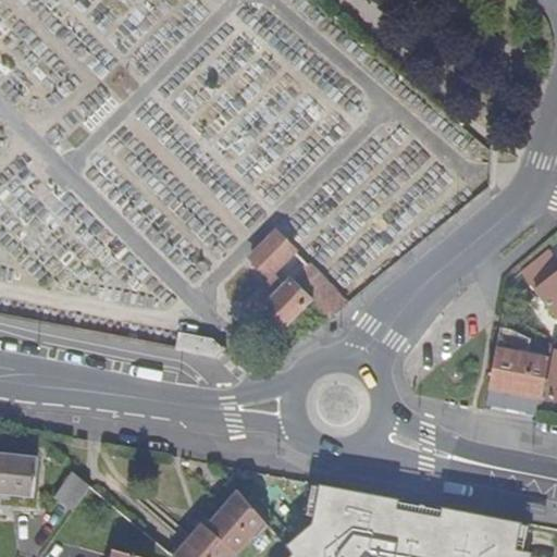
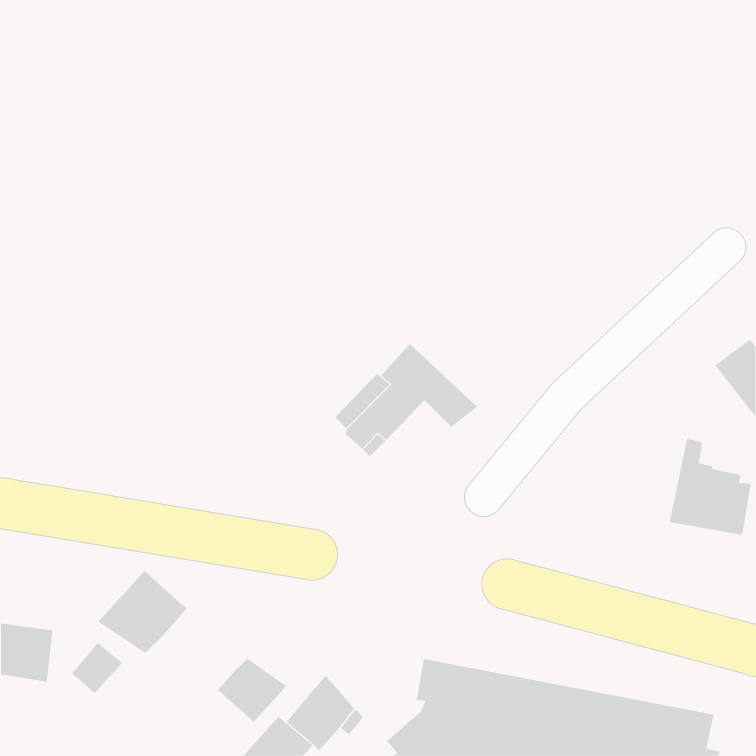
building: [249,225,300,275] -> none
building: none -> [98,570,188,654]
building: none -> [217,658,287,723]

